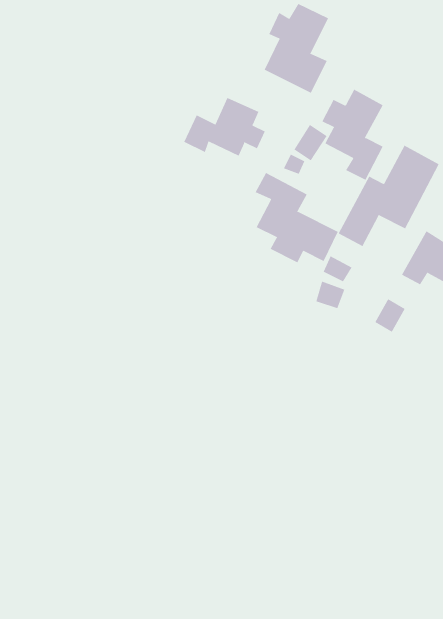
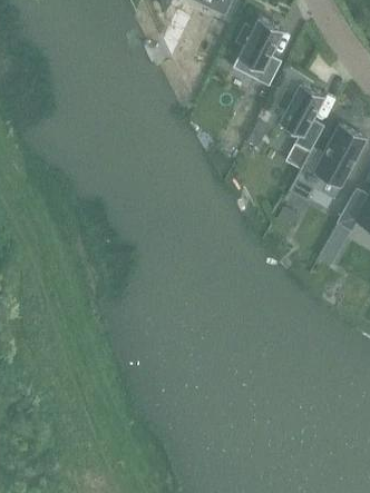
building: [183,97,265,156] -> none
building: [255,172,339,263] -> none

